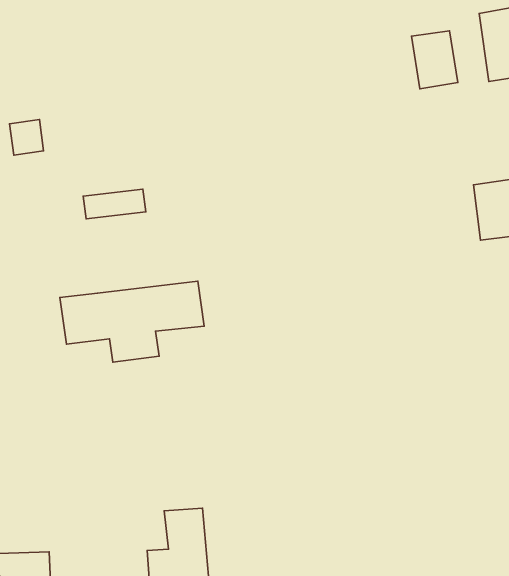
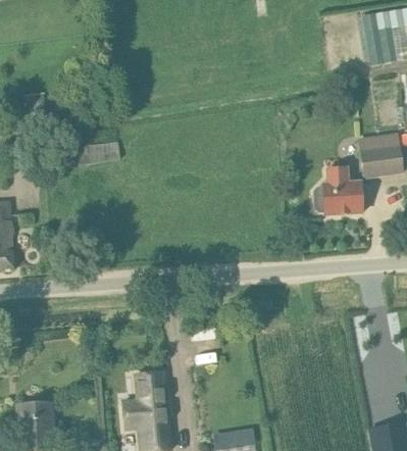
building: [412,31,458,89] -> none
building: none -> [312,166,362,215]
building: [60,281,204,362] -> none

